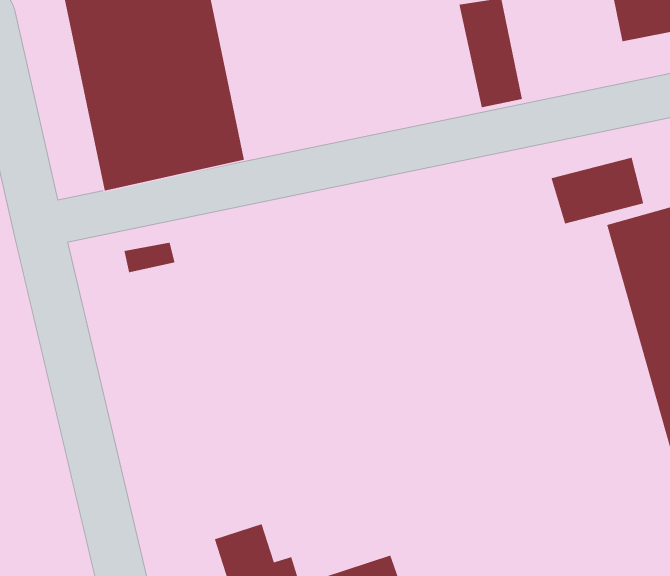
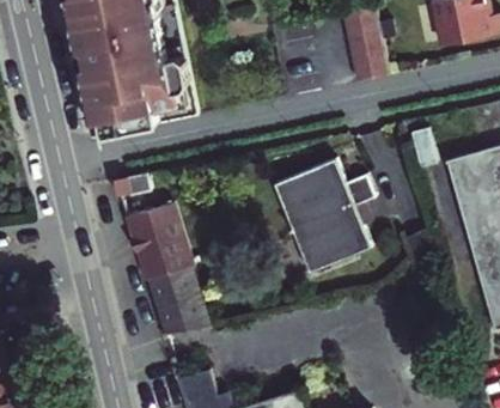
building: none -> [274,158,373,272]
building: none -> [124,205,209,335]

